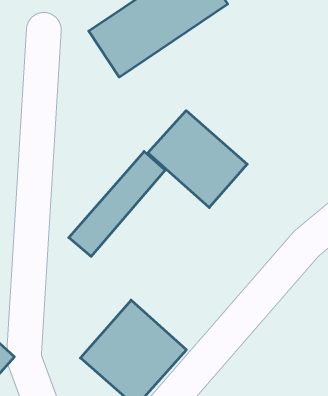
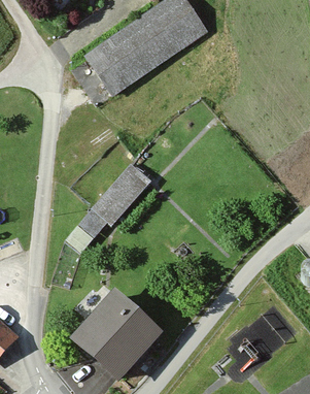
building: [148,111,247,208] -> none

